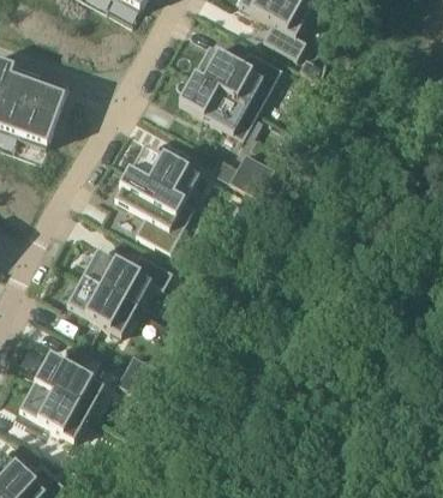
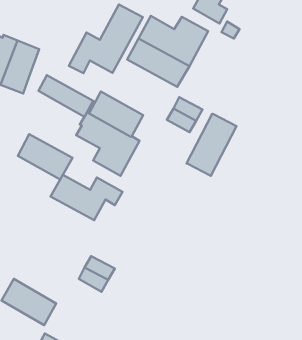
building: none -> [69,4,143,73]
building: none -> [39,75,93,117]
building: none -> [186,114,237,176]
building: [66,275,136,332] -> [18,134,73,179]
building: [34,353,103,410] -> none

